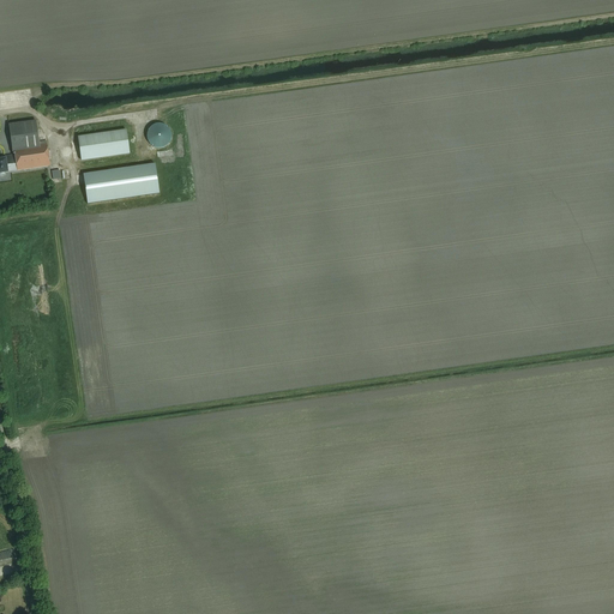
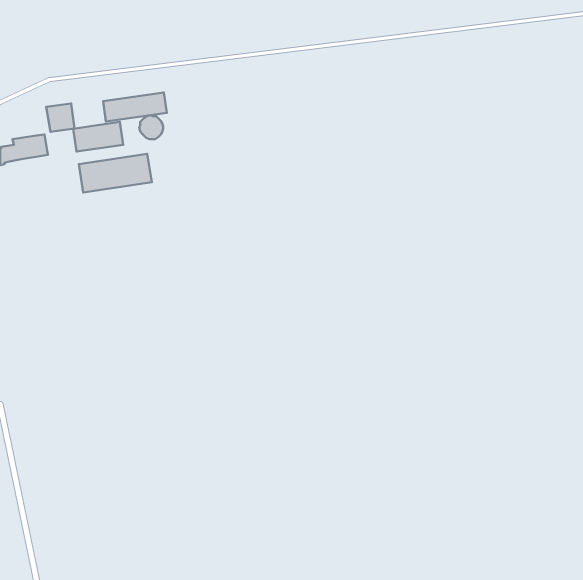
building: none -> [103,92,167,122]
building: [8,116,38,146] -> [46,103,75,132]

